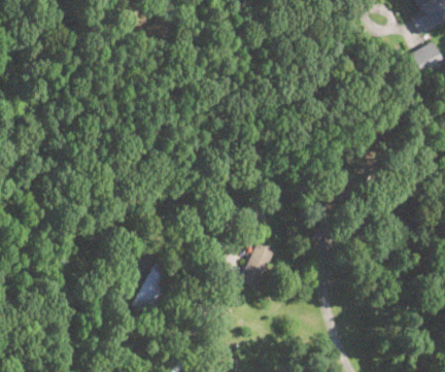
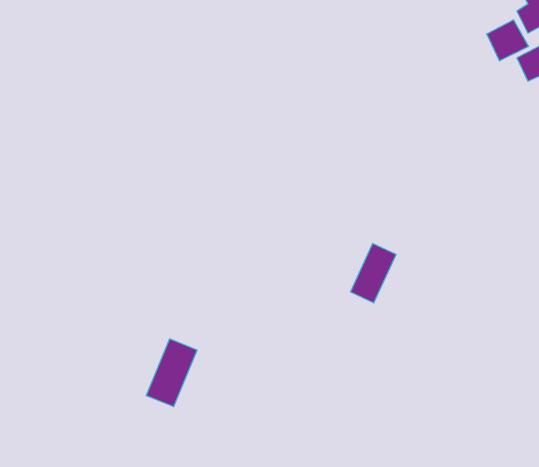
building: none -> [487,20,528,61]
building: [241,241,275,285] -> [351,244,396,303]

